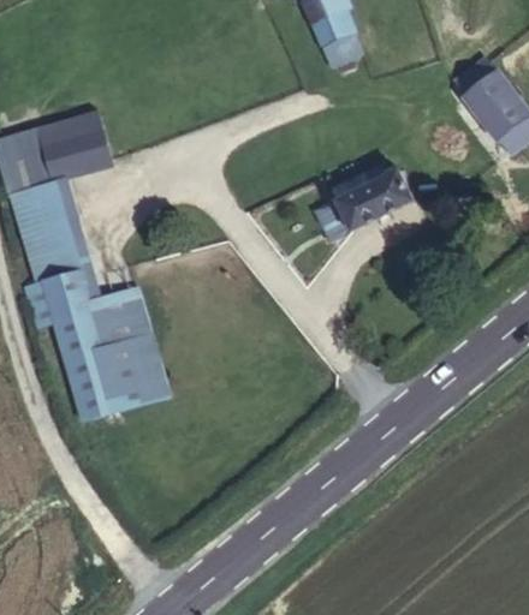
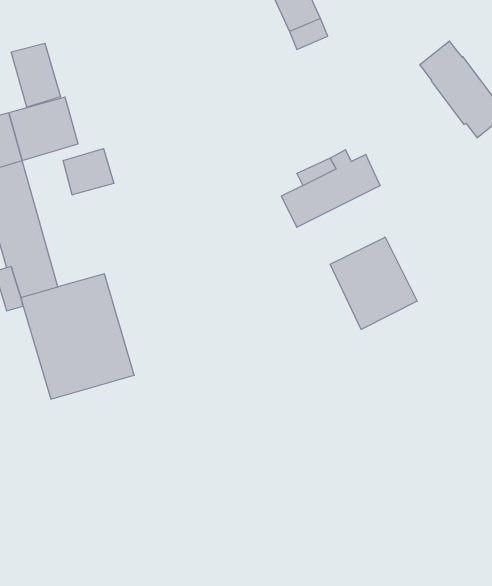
building: none -> [11,43,60,107]
building: none -> [63,149,114,195]
building: none -> [330,237,417,329]

